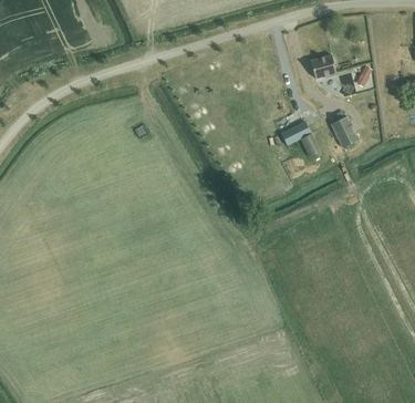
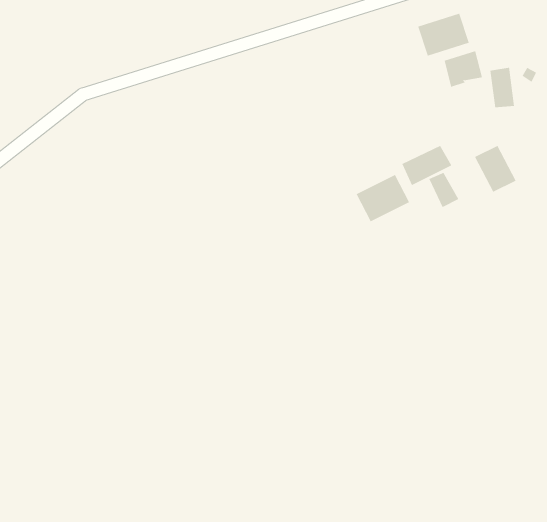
building: none -> [417,13,470,56]
building: none -> [356,174,410,222]

